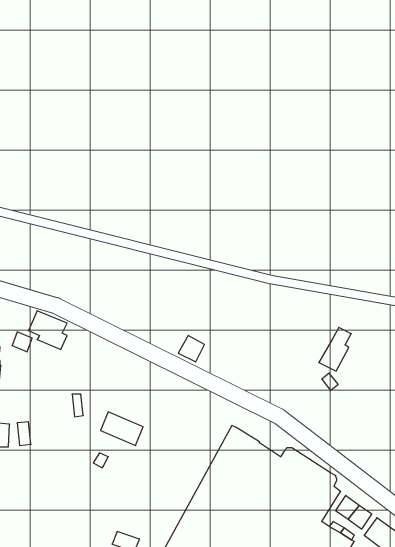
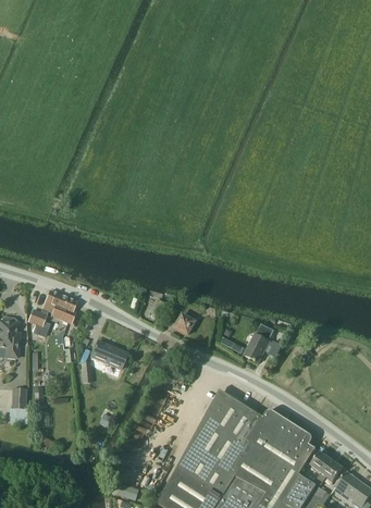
building: [319,327,351,371] -> [243,324,271,362]
building: [101,412,143,446] -> [90,340,127,370]

